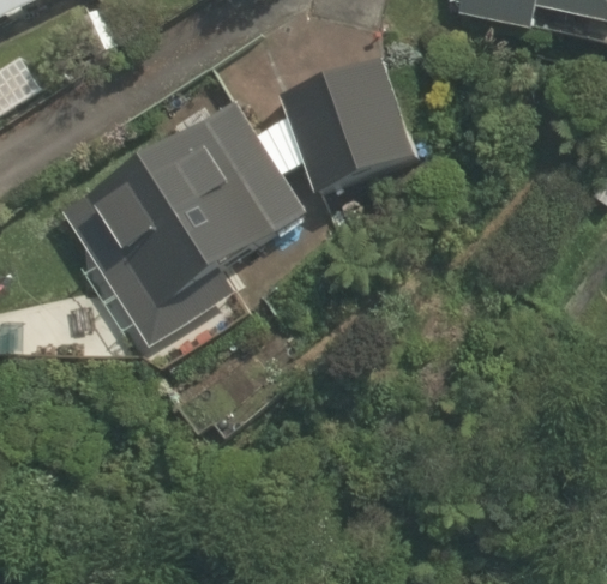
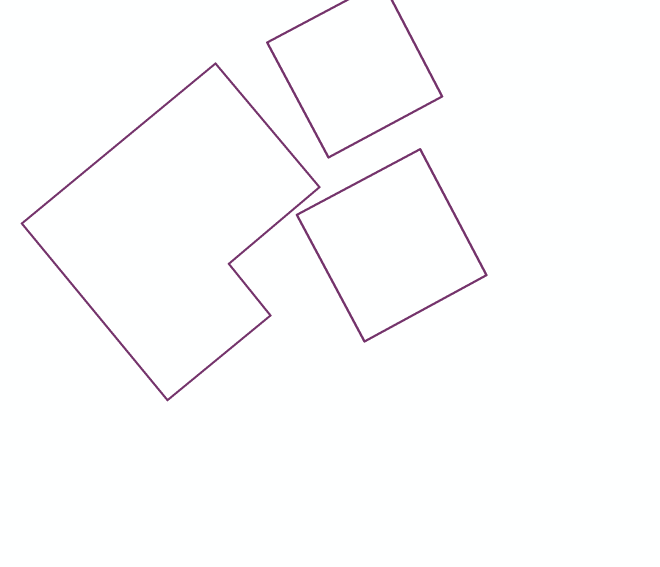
building: none -> [297,149,486,342]

